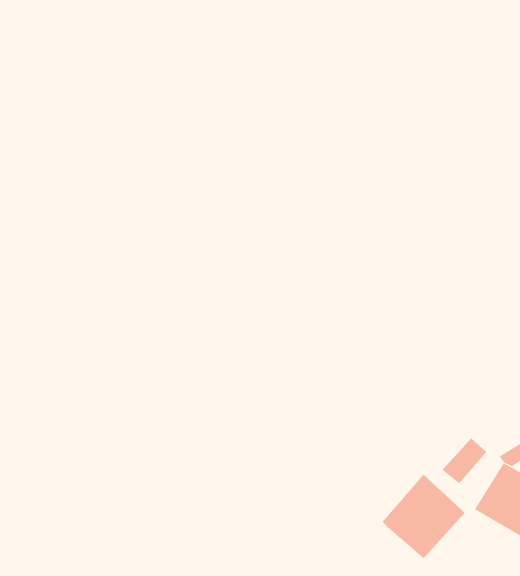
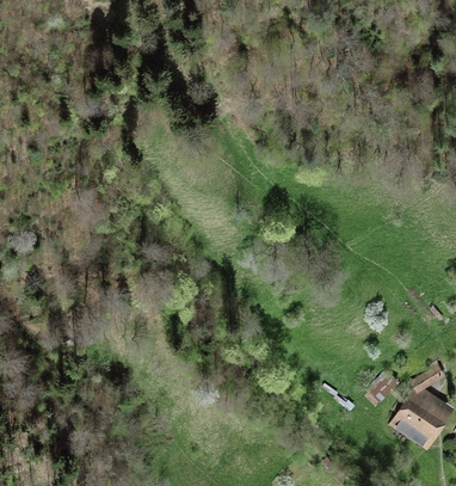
building: [382,474,466,559] -> none

